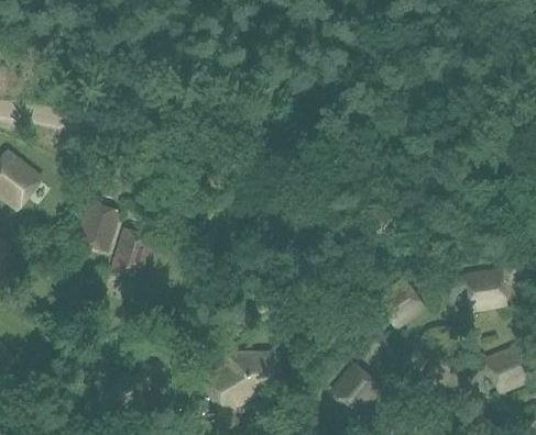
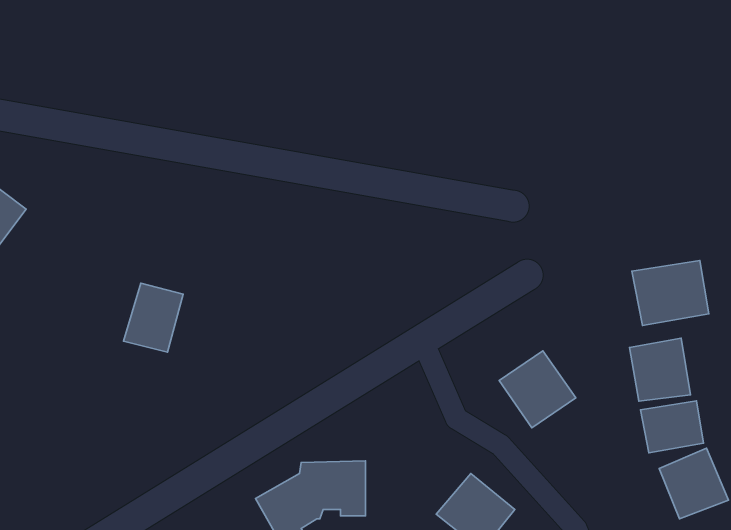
building: [76,201,120,253] -> none
building: none -> [632,261,709,325]
building: none -> [640,401,703,453]

